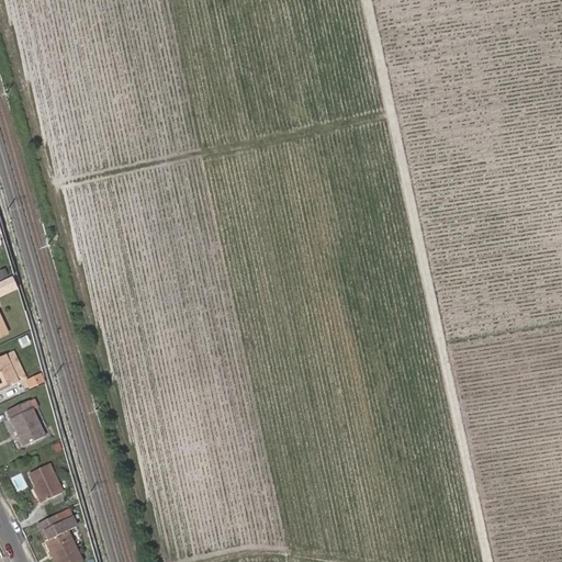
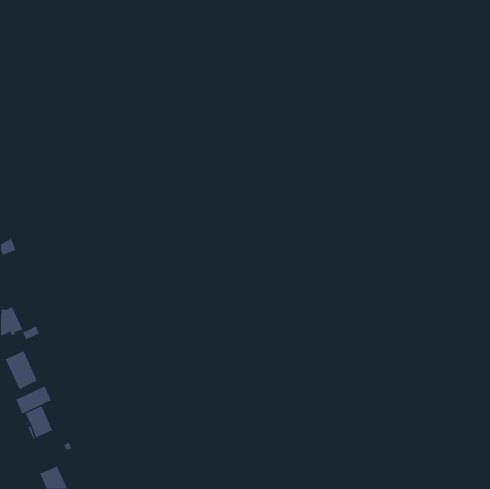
building: none -> [15,385,52,414]
building: [37,508,75,541] -> none

